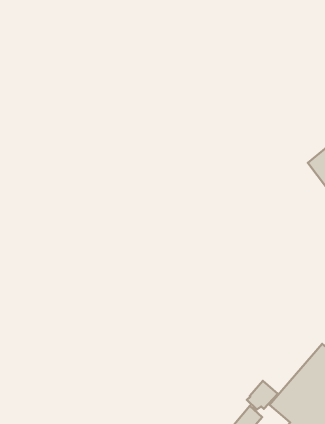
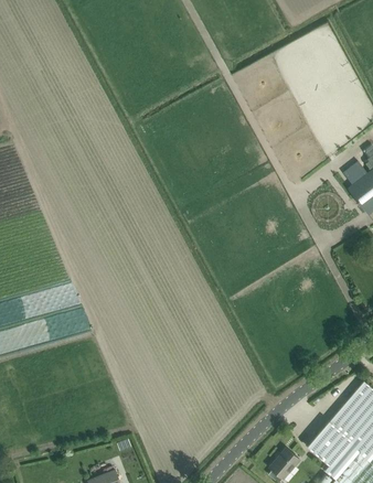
building: [247,381,278,409] -> none

